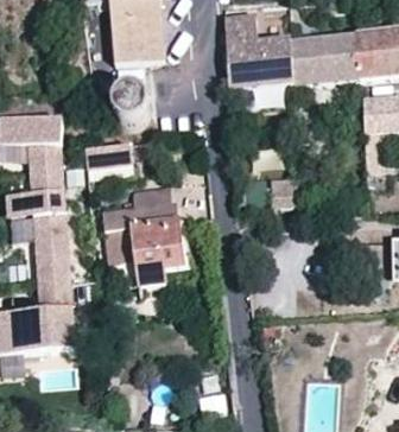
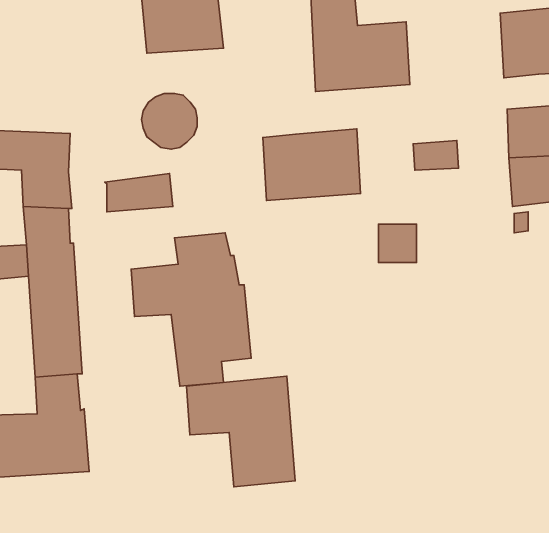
building: [291,33,357,82] -> [263,129,360,200]
building: none -> [186,376,295,487]

